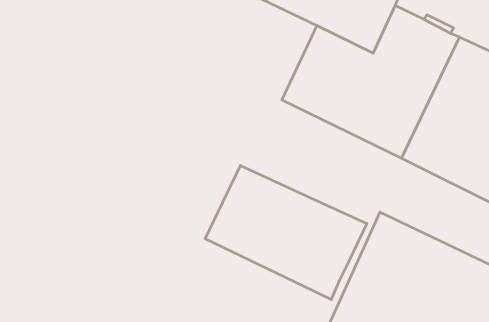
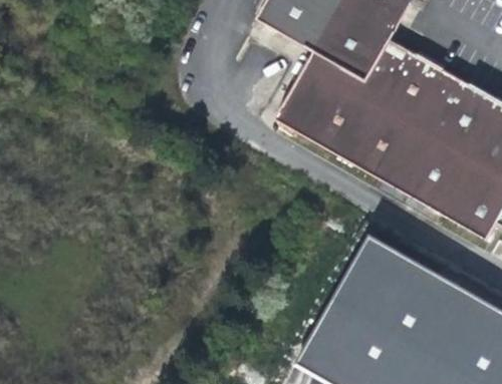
building: [205,165,367,300] -> none

